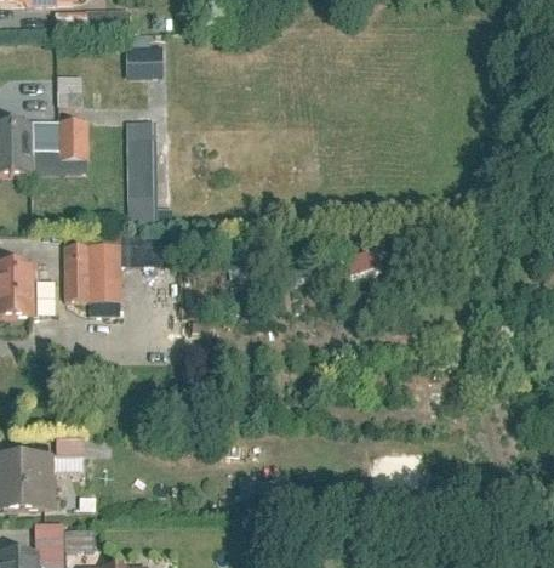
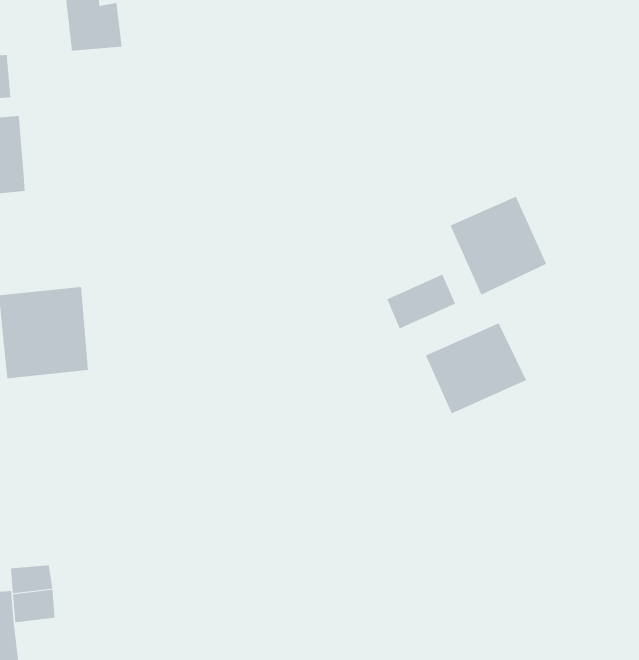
building: [127,121,167,225] -> none
building: none -> [450,196,547,295]
building: none -> [425,322,527,414]

